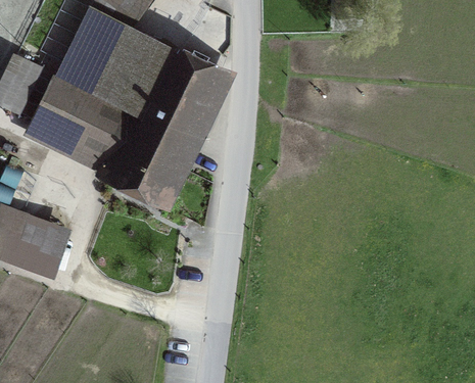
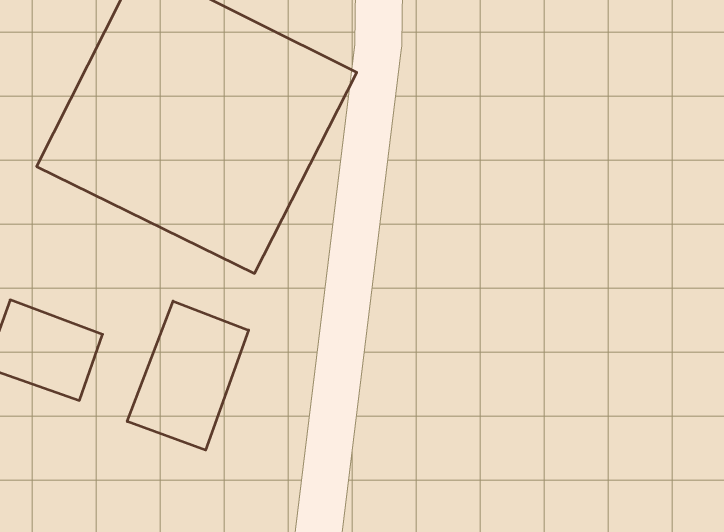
building: none -> [127,301,249,450]

